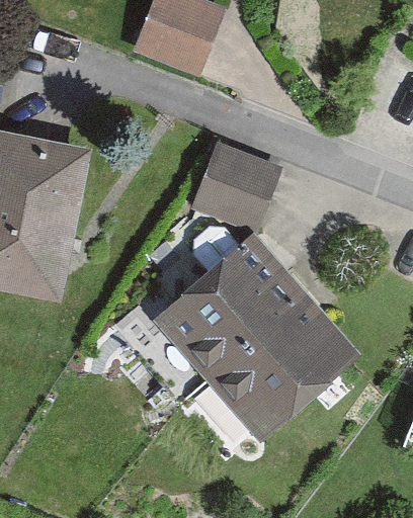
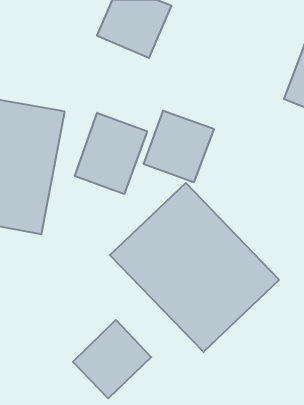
building: none -> [75,113,147,194]
building: none -> [73,320,151,398]

